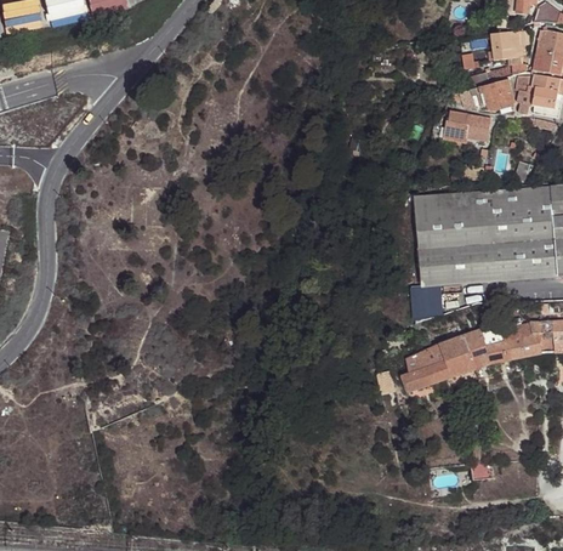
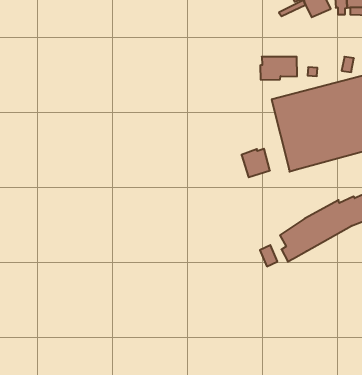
building: [444,112,491,142] -> [260,57,297,80]
building: [411,283,442,314] -> [241,149,270,177]

